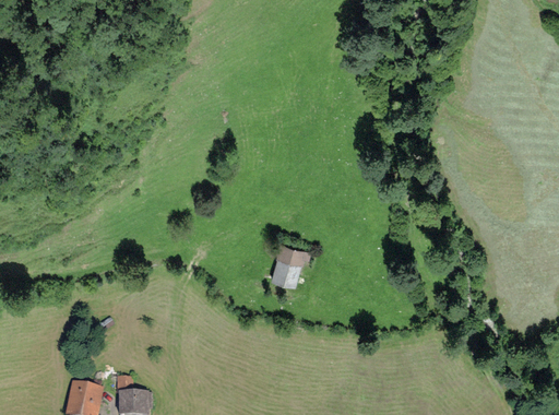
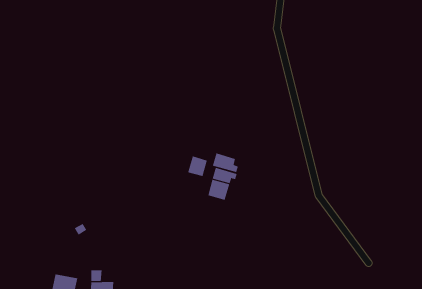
building: none -> [212,153,238,173]
building: none -> [187,155,208,177]

